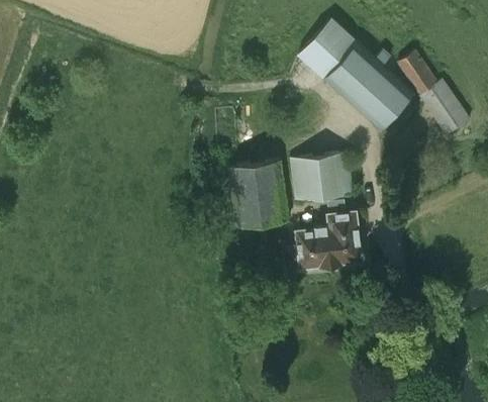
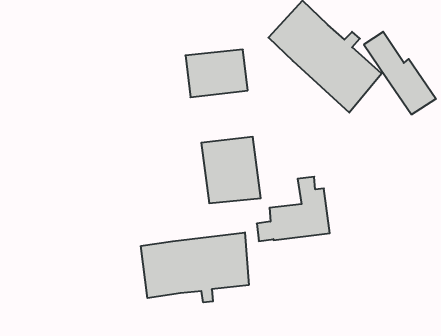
building: [289,154,354,203] -> [185,50,248,97]
building: none -> [141,232,249,302]

